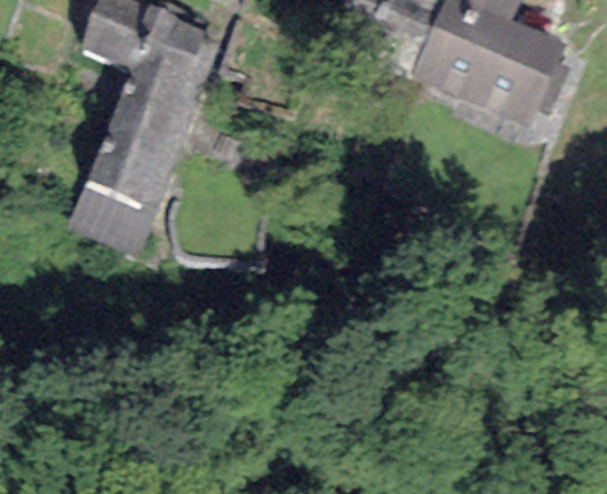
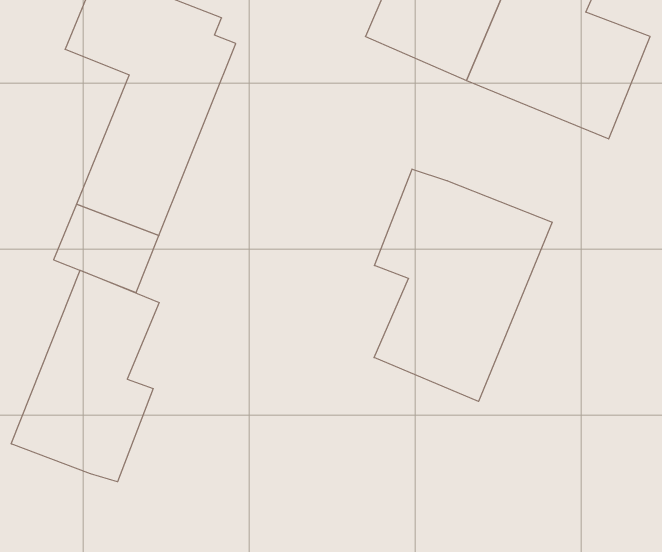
building: none -> [374,169,552,401]
building: none -> [11,270,159,482]

